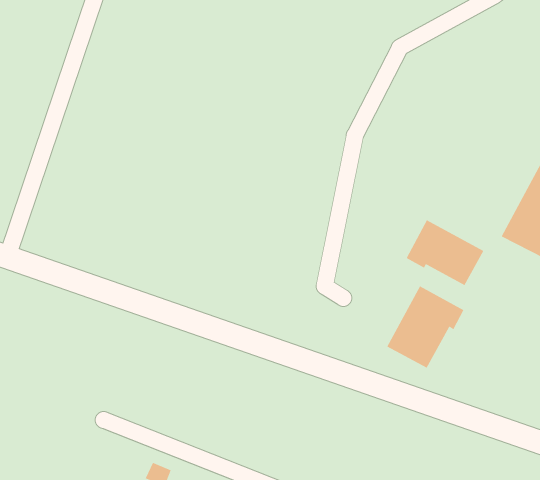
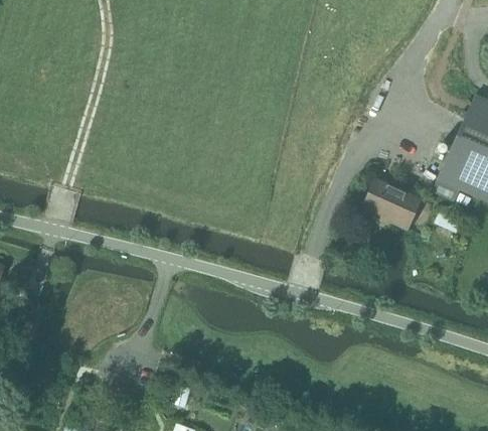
building: [386,286,464,368] -> none

